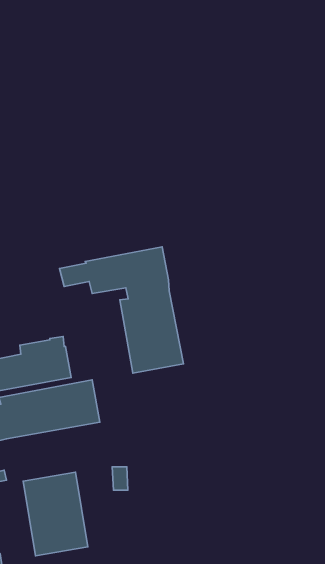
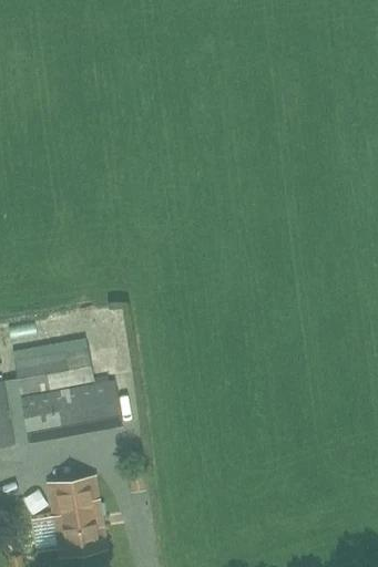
building: [60,247,183,373] -> none

